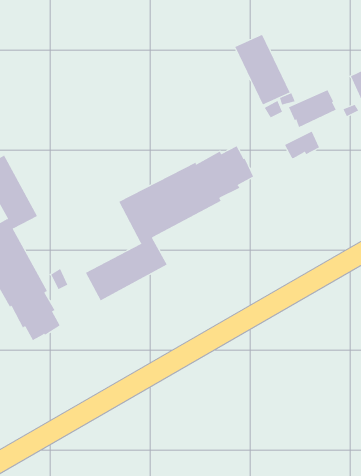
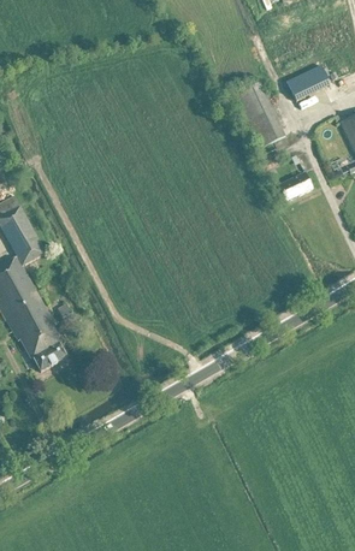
building: [288,90,337,128] -> [286,63,332,99]
building: [85,145,254,301] -> none

